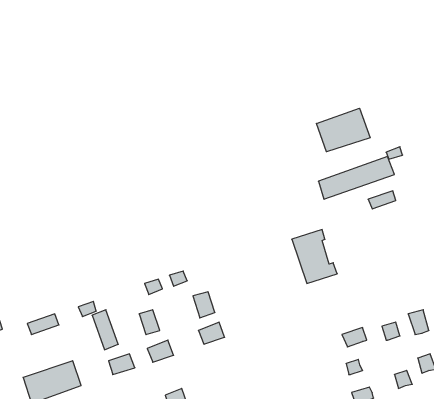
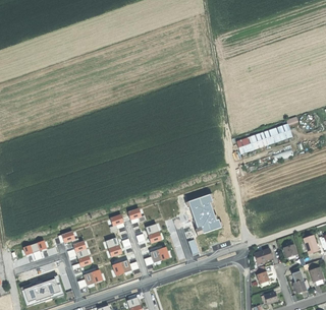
building: [316,108,370,152] -> none
building: [292,230,337,283] -> [187,194,221,234]

